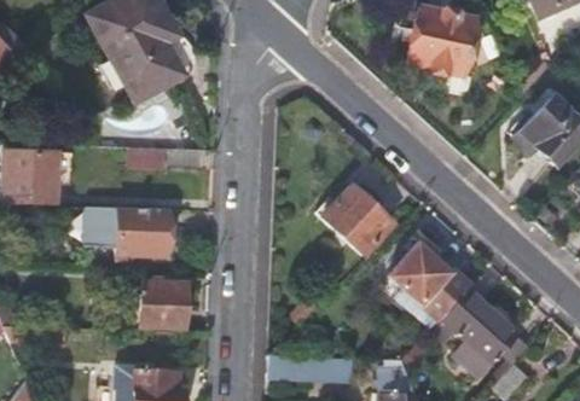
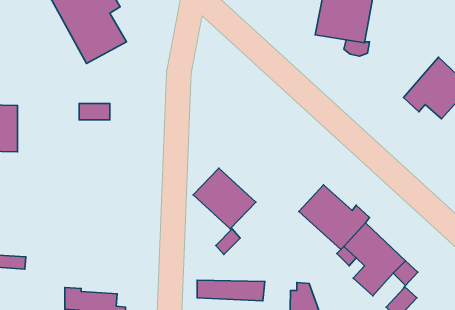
building: [321,184,395,255] -> [193,168,256,229]
building: [87,207,168,260] -> none
building: [141,278,190,329] -> none

